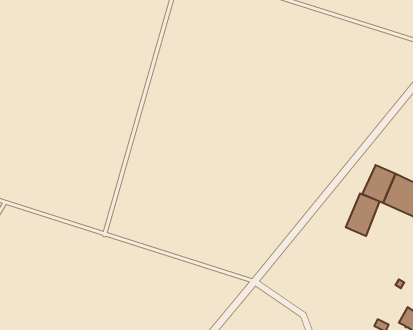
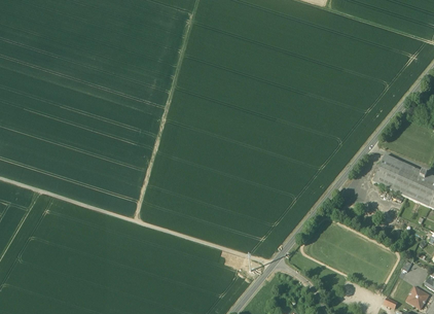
building: [346,193,380,236] -> none

